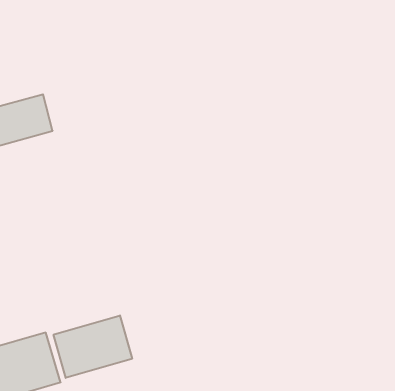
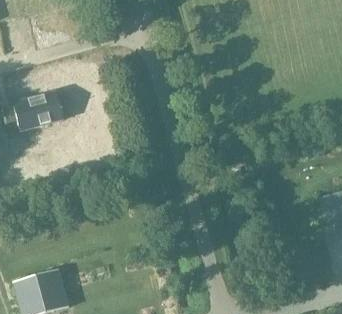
building: [54,315,132,378] -> none

